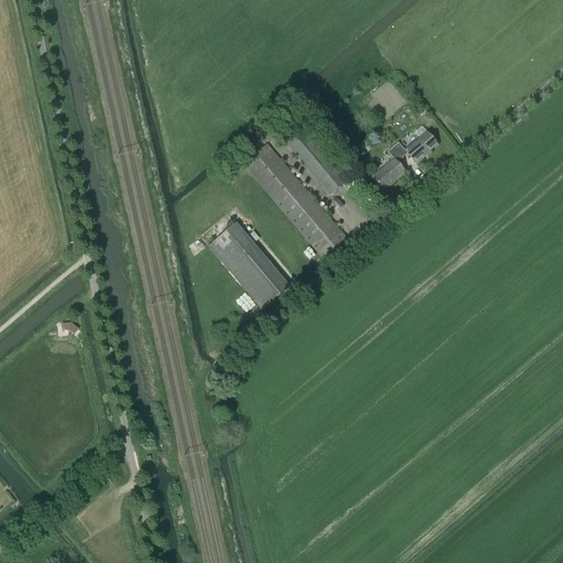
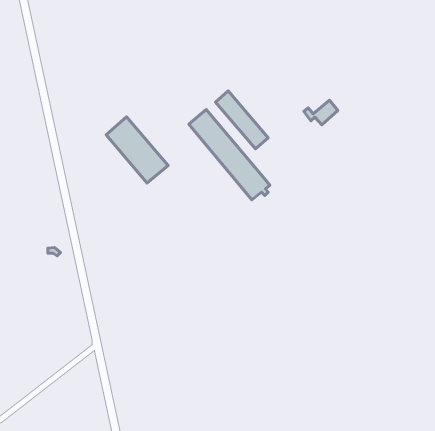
building: [372,144,405,189] -> none
building: [209,221,289,307] -> [106,117,168,183]

